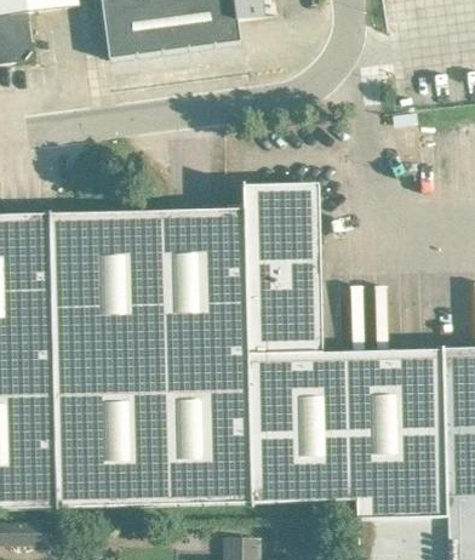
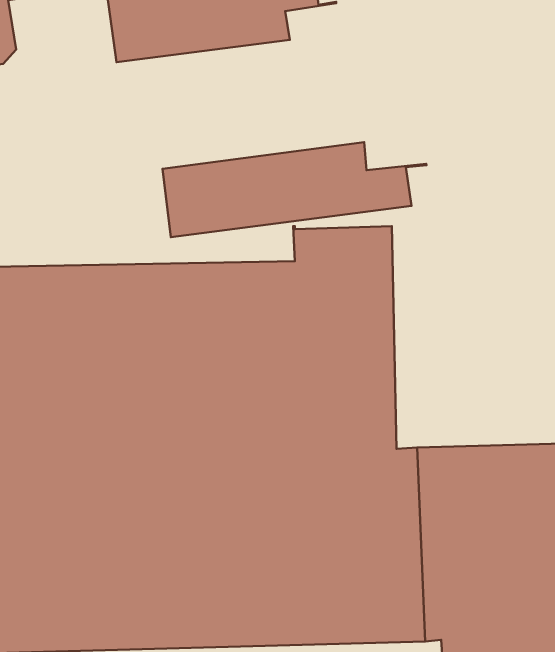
building: none -> [162,142,427,237]

